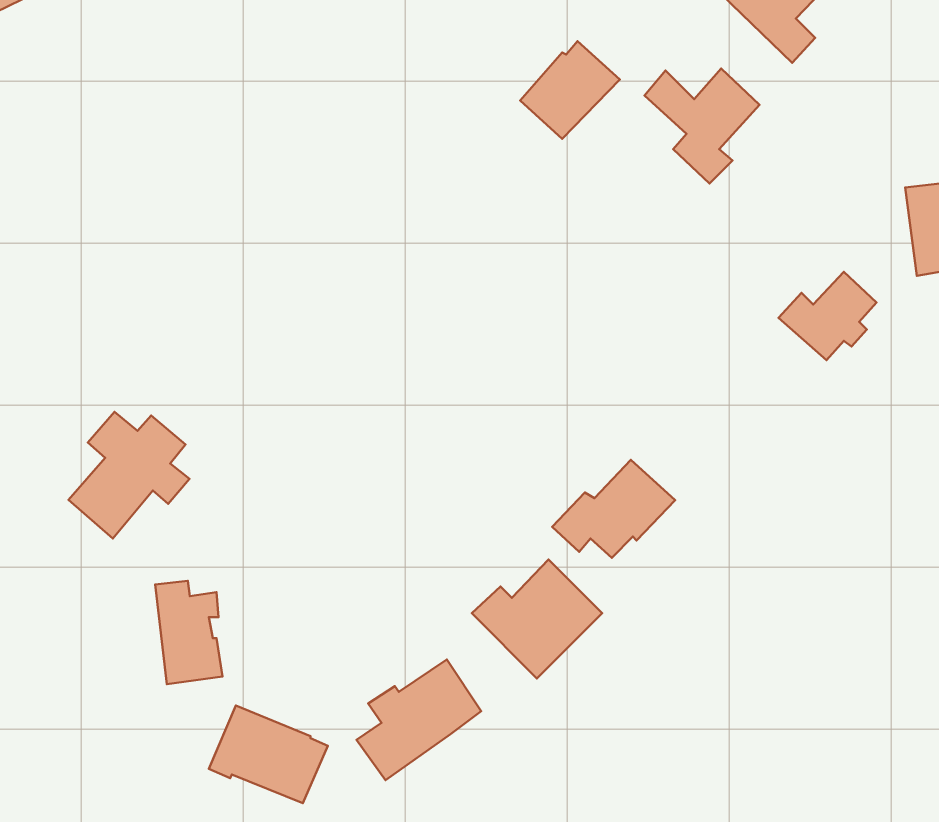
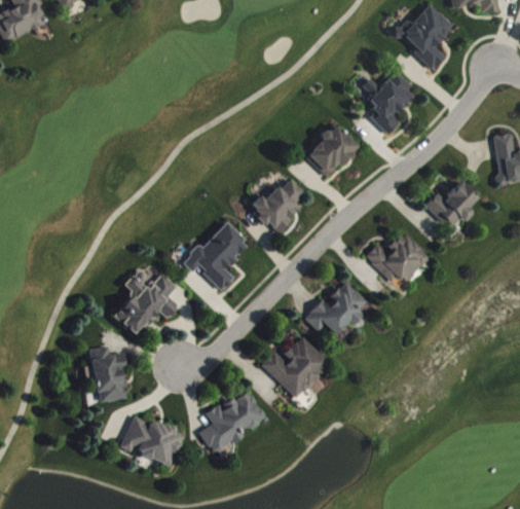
building: [520,41,620,139] -> [305,124,359,177]
building: none -> [250,179,304,233]
building: none -> [182,222,249,290]
building: none -> [366,231,430,282]
building: [69,412,189,538] -> [114,268,179,336]

